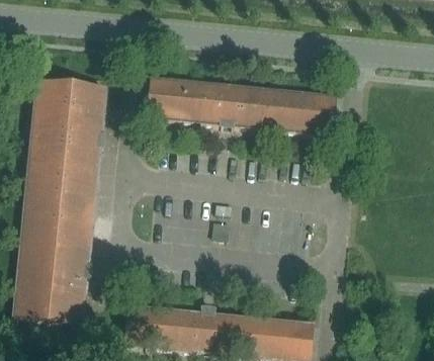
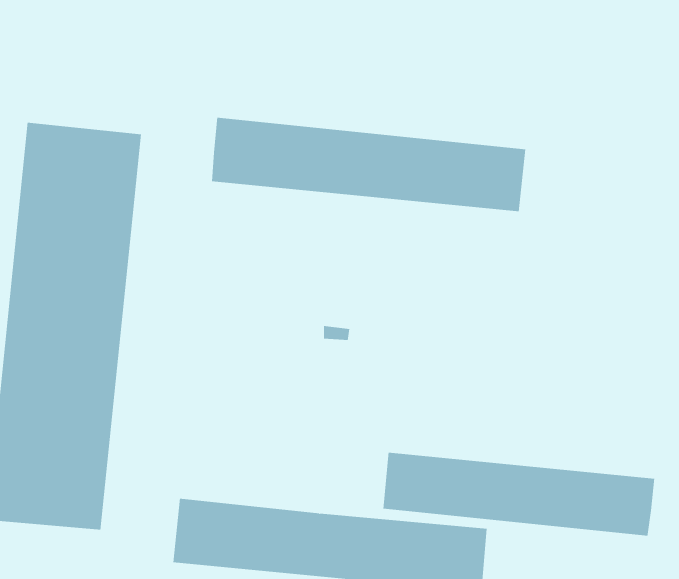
building: none -> [383,452,655,537]

